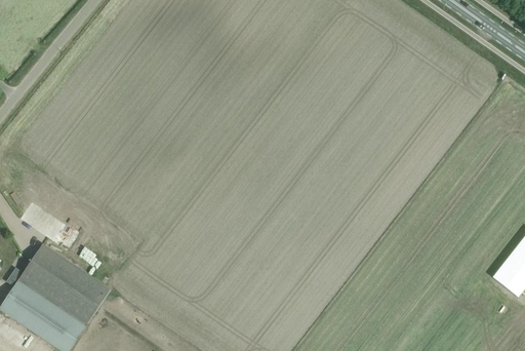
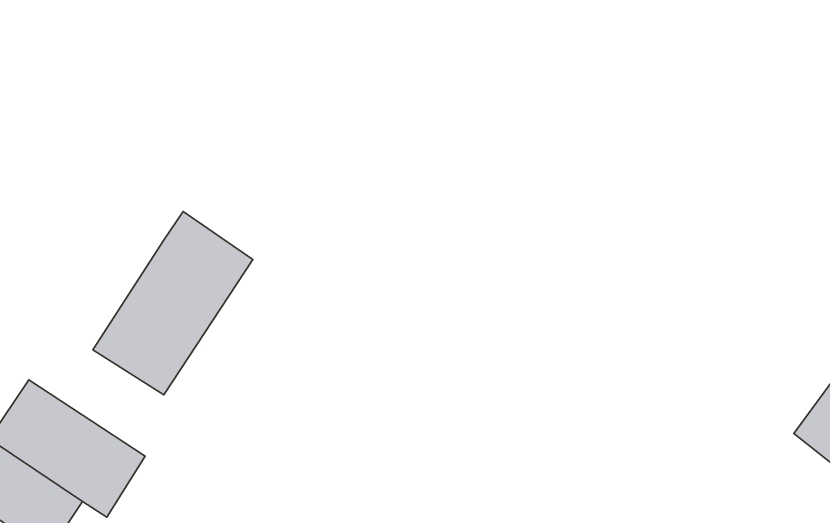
building: none -> [93,212,253,395]

